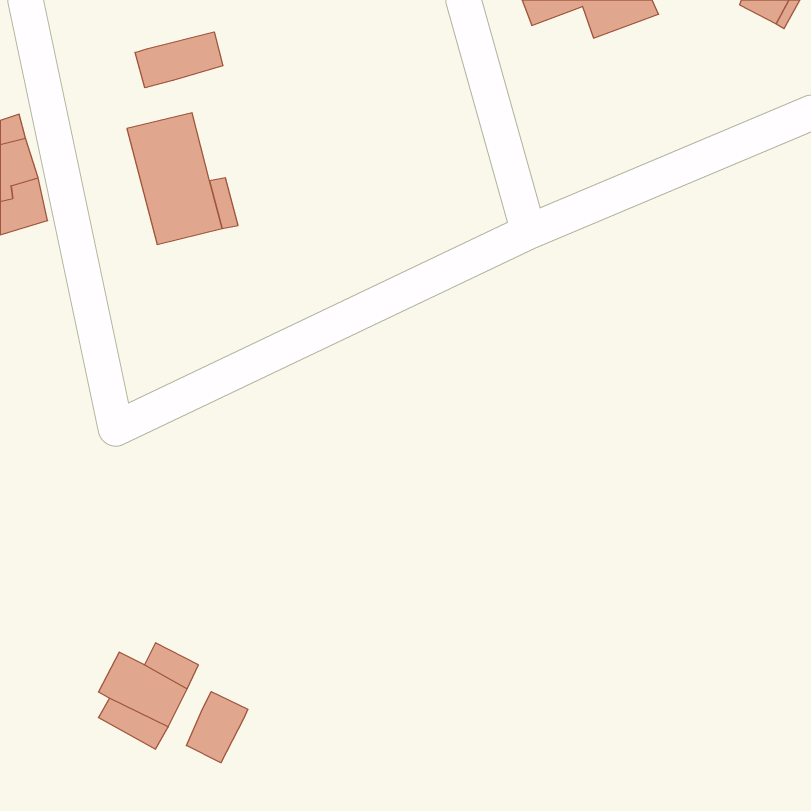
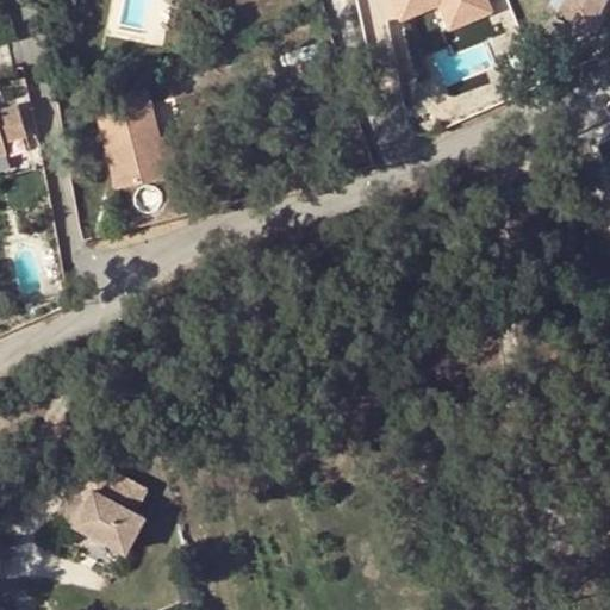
building: [135,32,223,88] -> none
building: [186,692,248,763] -> none

